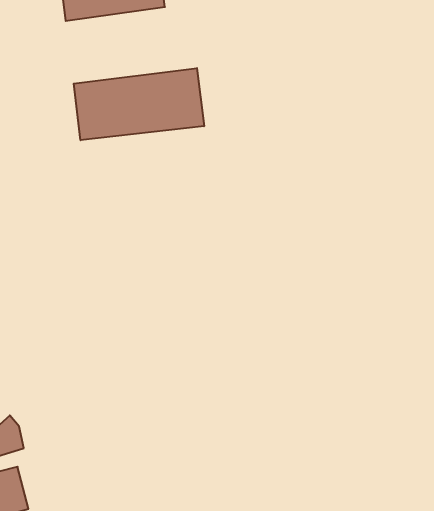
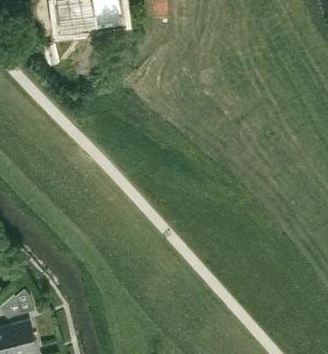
building: [74,68,204,140] -> none

